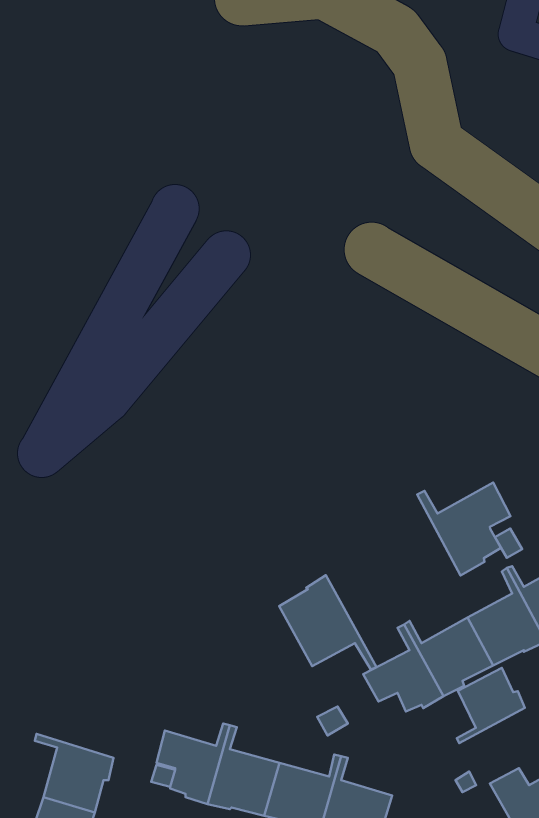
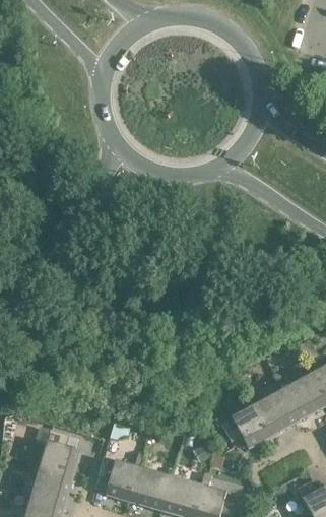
building: [417,483,510,575] -> none
building: [279,575,376,669] -> none
building: [457,668,525,743] -> none
building: none -> [25,431,75,474]

